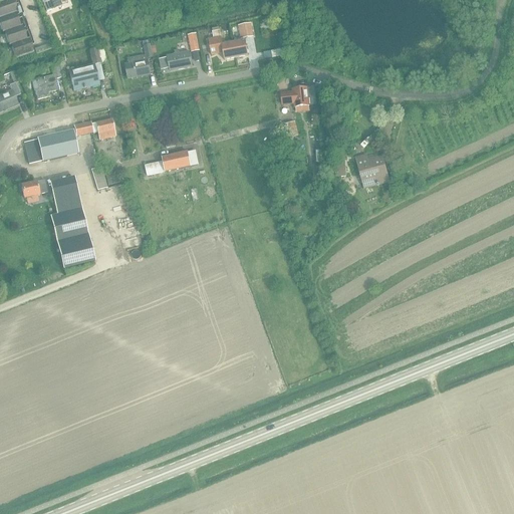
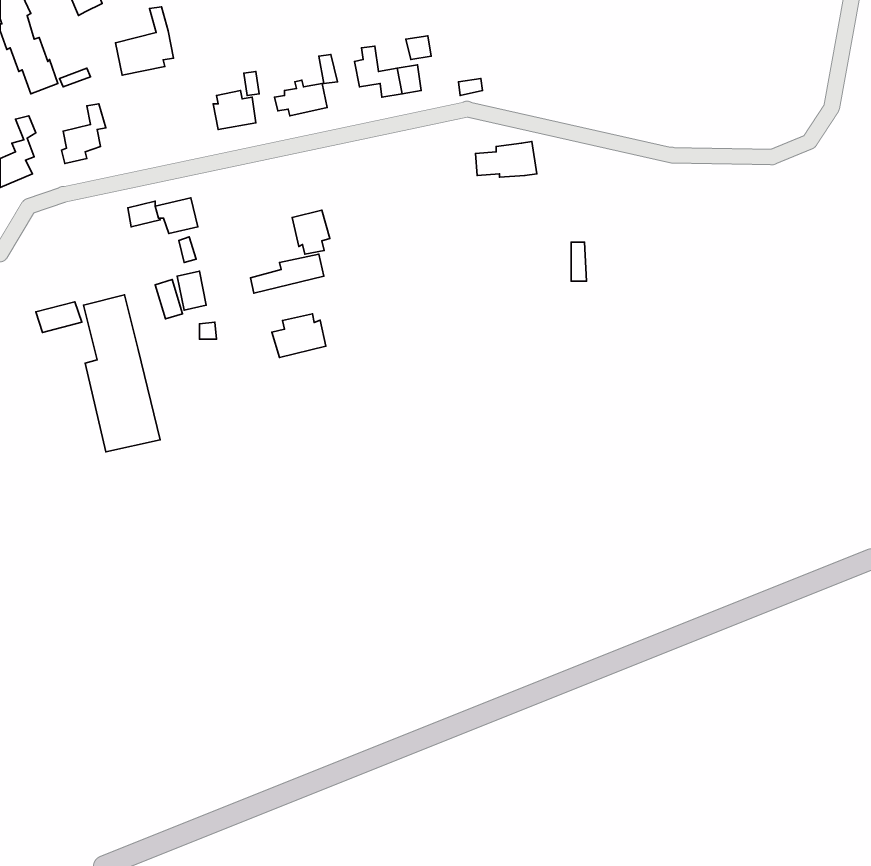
building: [70,47,104,87] -> [115,7,173,75]
building: none -> [292,210,330,254]
building: [23,128,79,161] -> none
building: [355,154,389,186] -> none
building: none -> [272,314,326,358]

